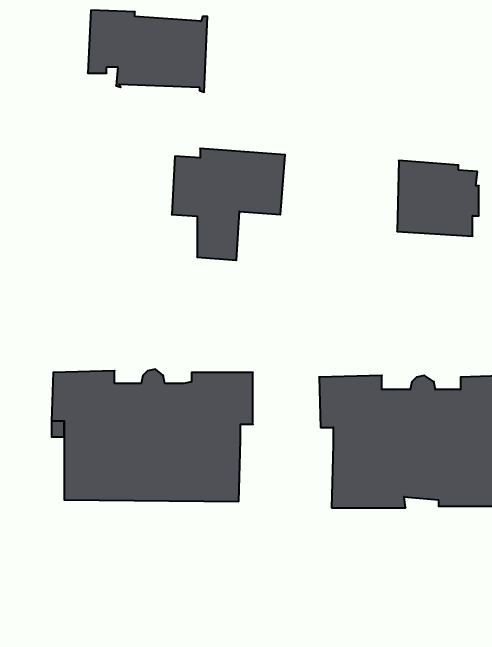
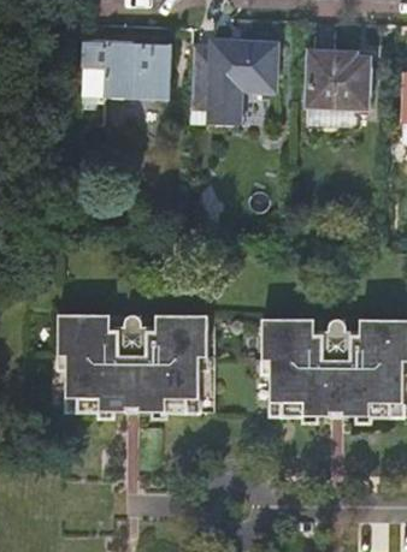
building: [172,148,285,260] -> [191,38,278,124]
building: [397,161,479,236] -> [309,49,372,107]

